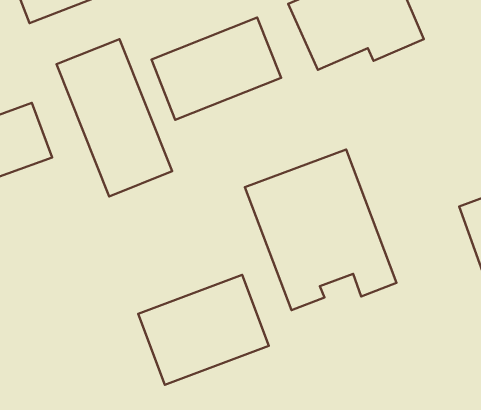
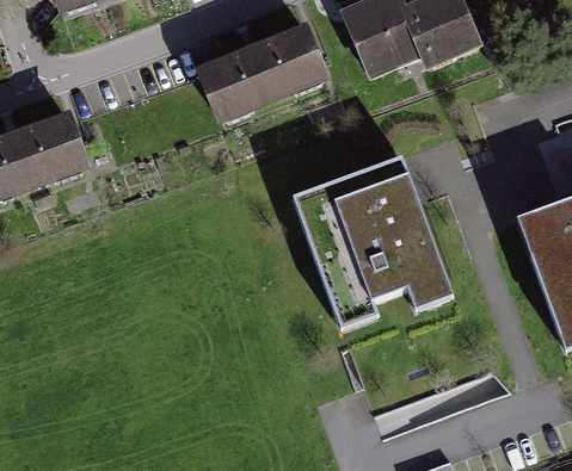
building: [56,39,172,196] -> none
building: [138,275,269,385] -> none

